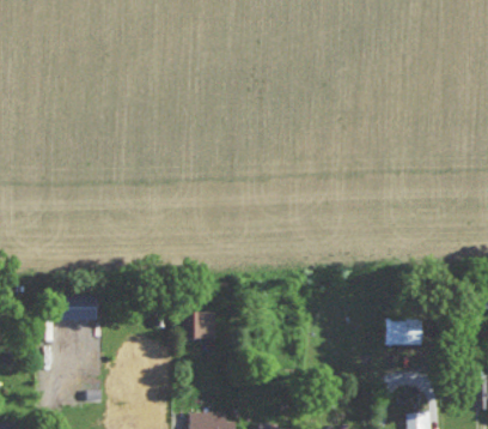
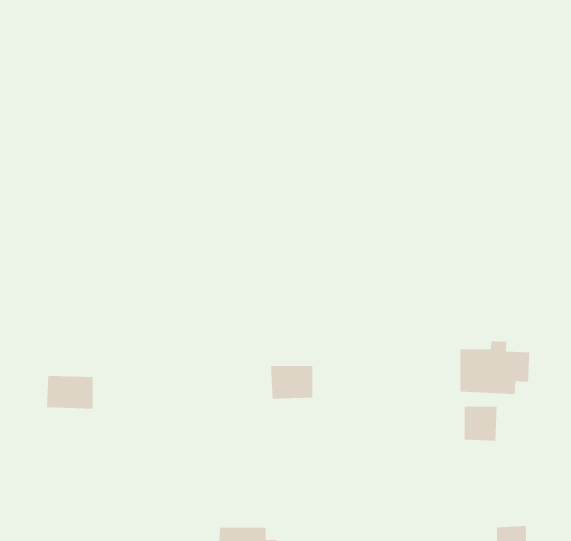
building: none -> [460,340,530,395]
building: [184,313,218,339] -> [270,366,313,399]

